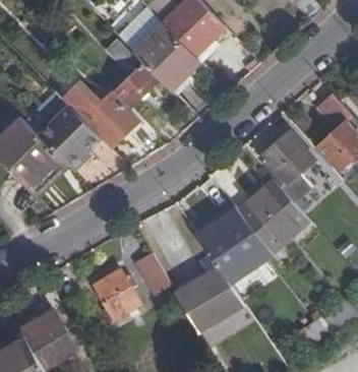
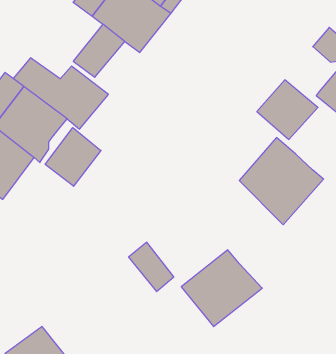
building: none -> [45,128,101,186]
building: [196,207,270,281] -> none
building: [94,268,139,314] -> none

